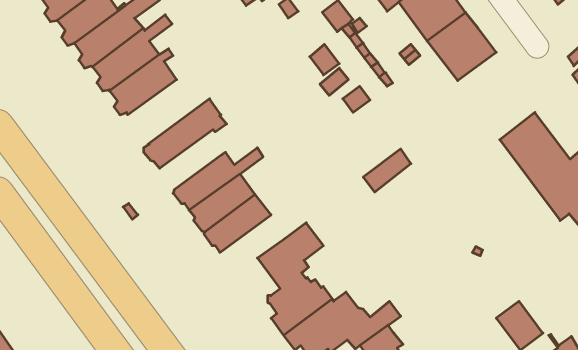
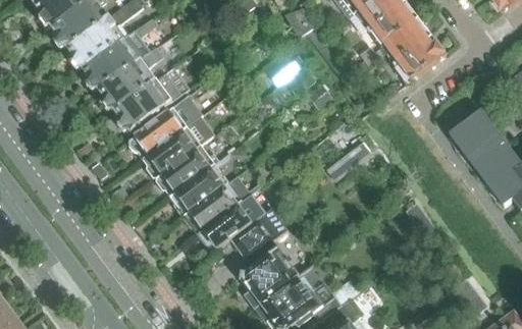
building: none -> [116,67,191,131]
building: none -> [145,123,201,177]
building: none -> [199,200,257,253]

